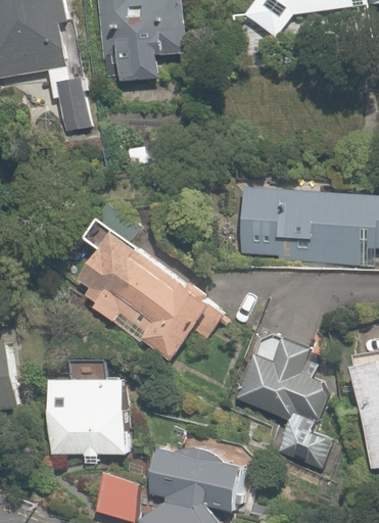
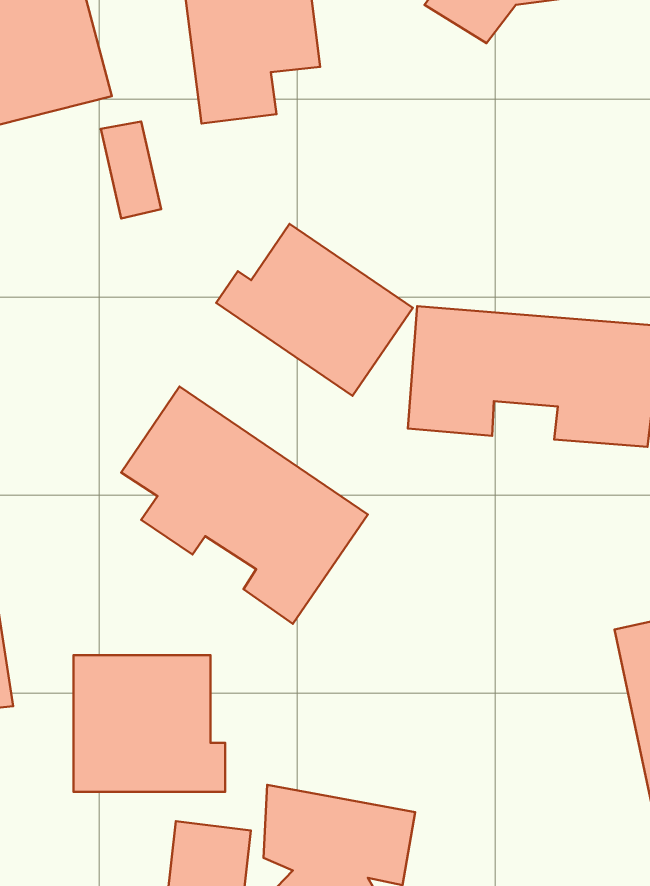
building: none -> [216,224,413,396]
building: [233,339,337,468] -> none

